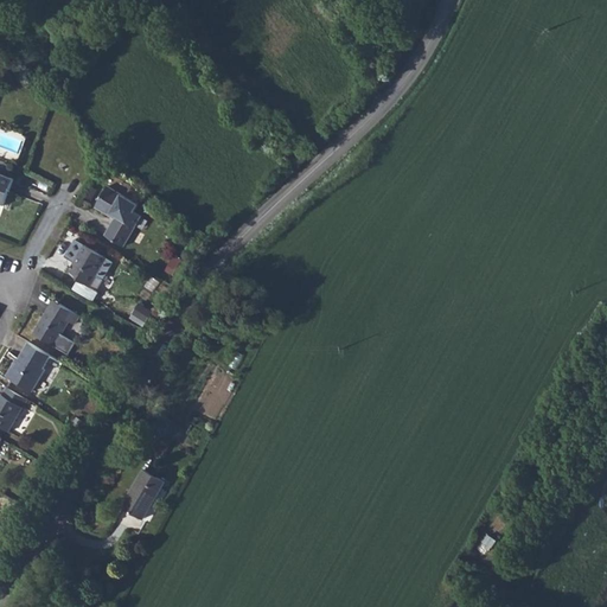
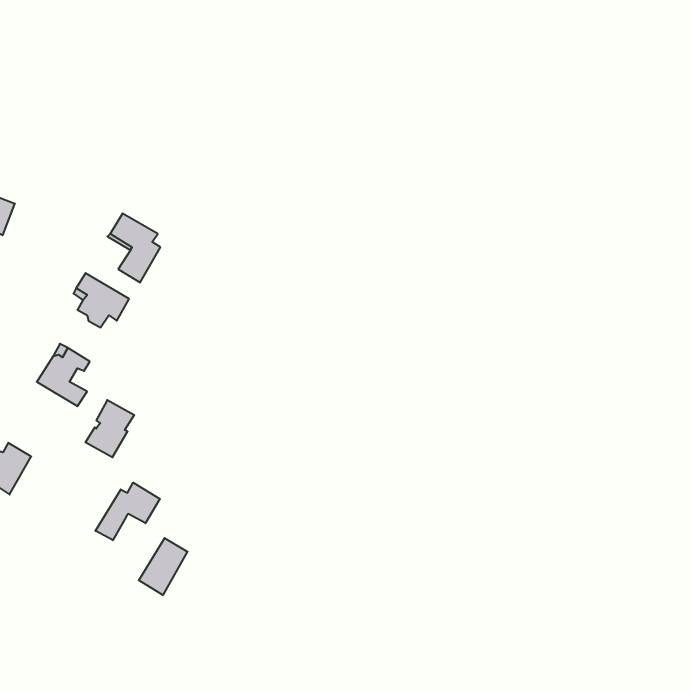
building: [8,343,51,392] -> [85,400,134,457]
building: none -> [95,483,160,540]

